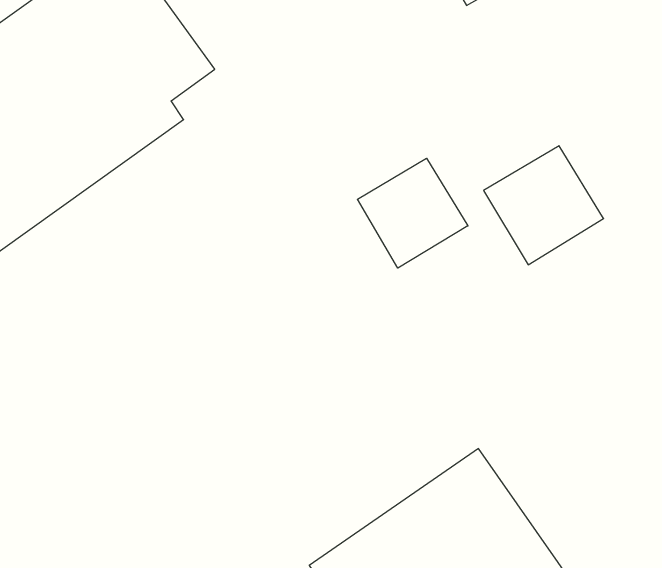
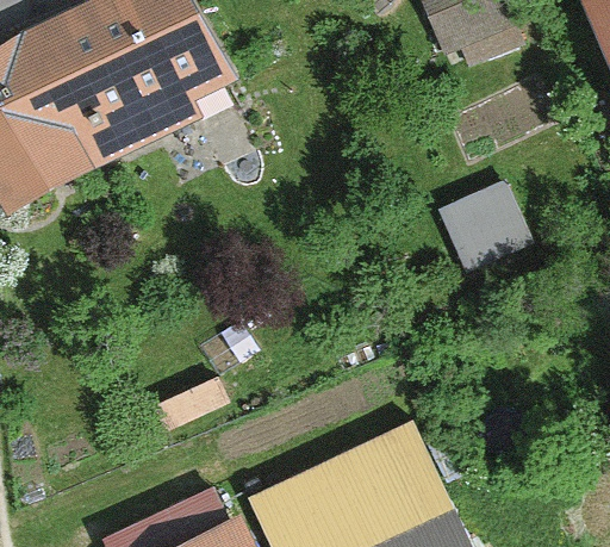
building: [357,158,468,268] -> none

